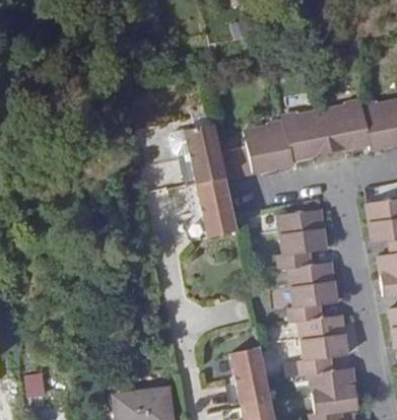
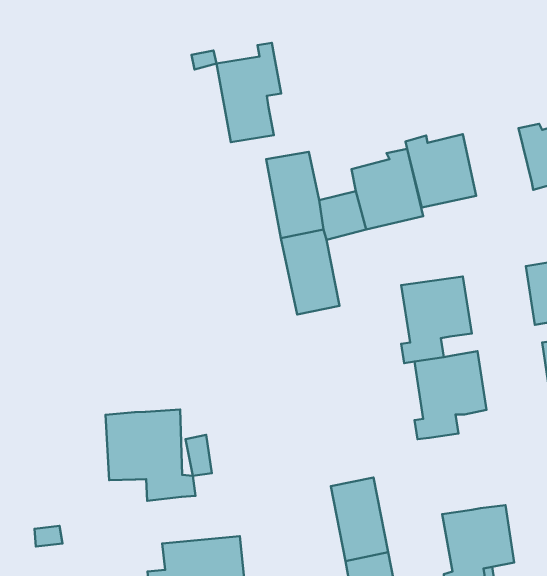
building: none -> [216,43,281,142]
building: [322,97,370,153] -> none
building: none -> [106,409,195,501]
building: [299,314,347,374] -> none

